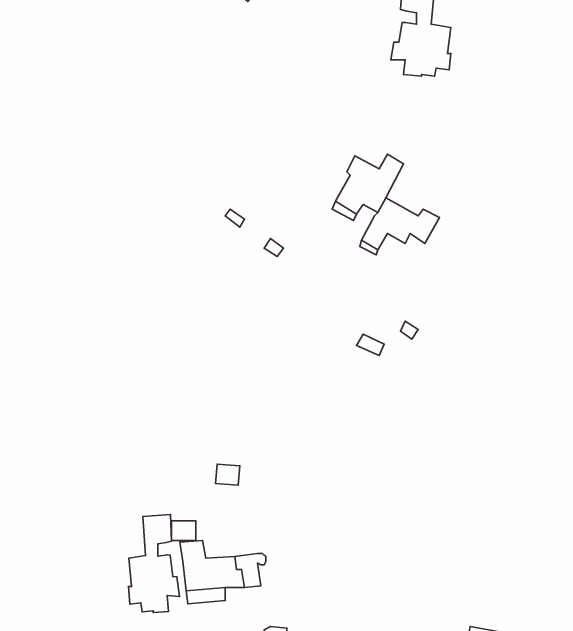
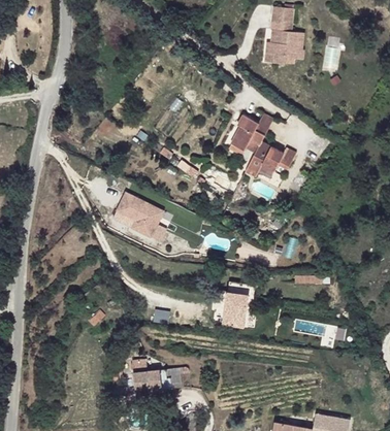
building: none -> [116,194,163,238]
building: none -> [222,280,254,326]
building: [129,514,180,613] -> none

